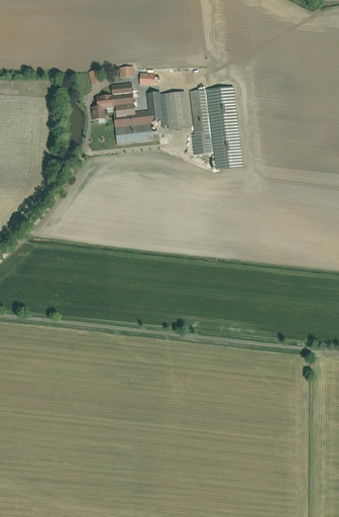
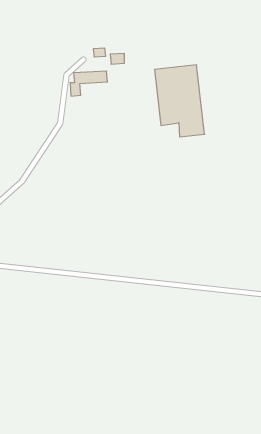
building: [113,91,188,143] -> none

